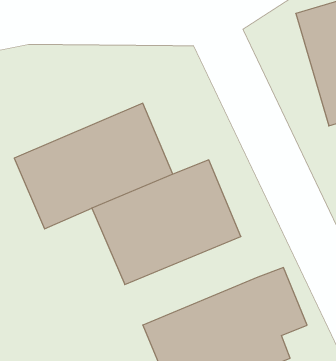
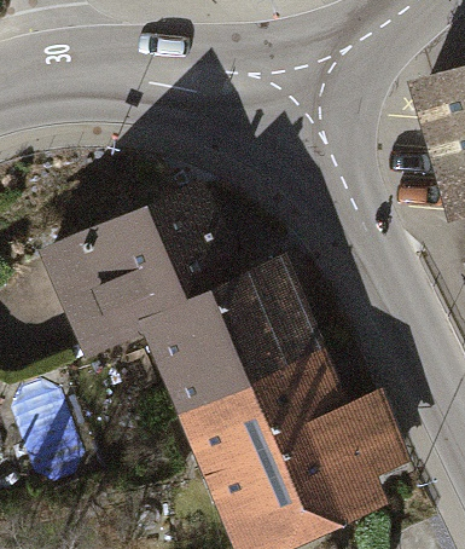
building: none -> [181,354,351,468]

